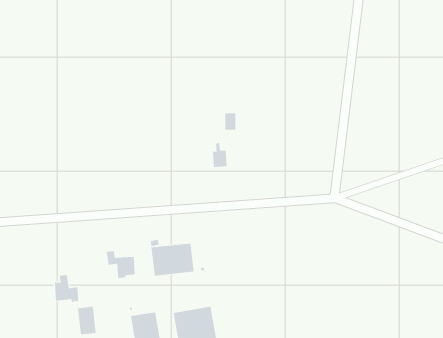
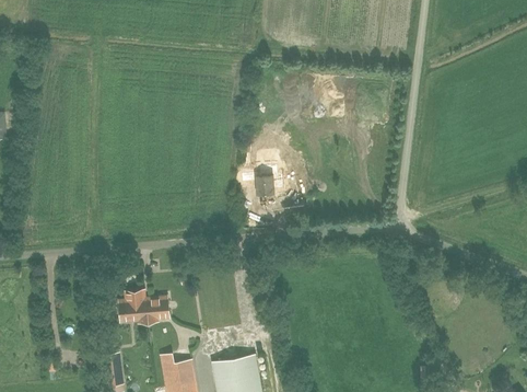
building: [151,243,205,277] -> none
building: [54,274,79,302] -> [119,292,148,324]

